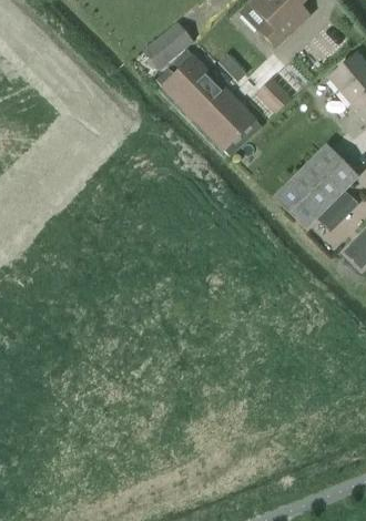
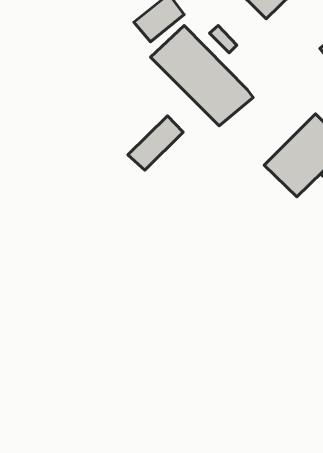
building: [254,76,292,114] -> none
building: none -> [128,116,183,170]

